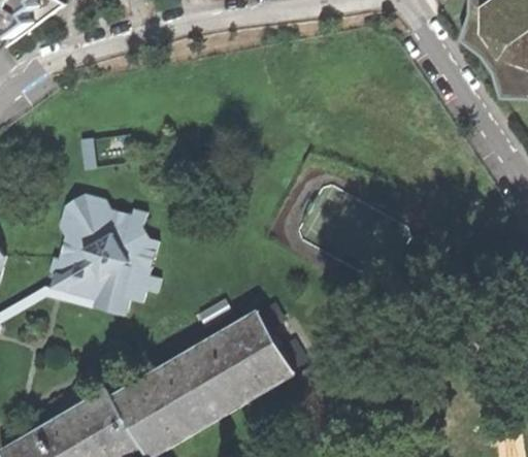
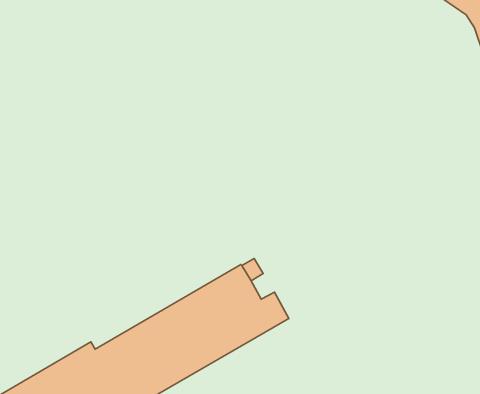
building: [50,193,161,314] -> none

